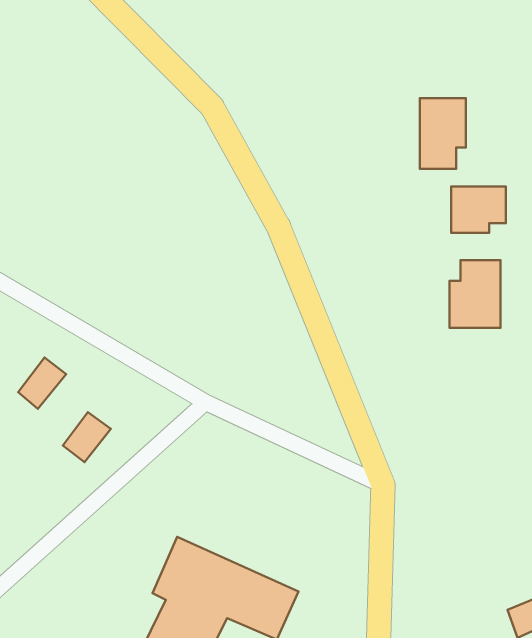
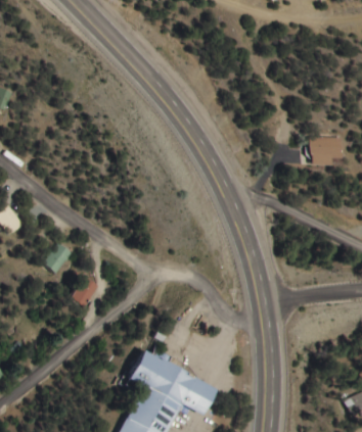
building: [420,98,466,169] -> none
building: [450,260,500,328] -> none

